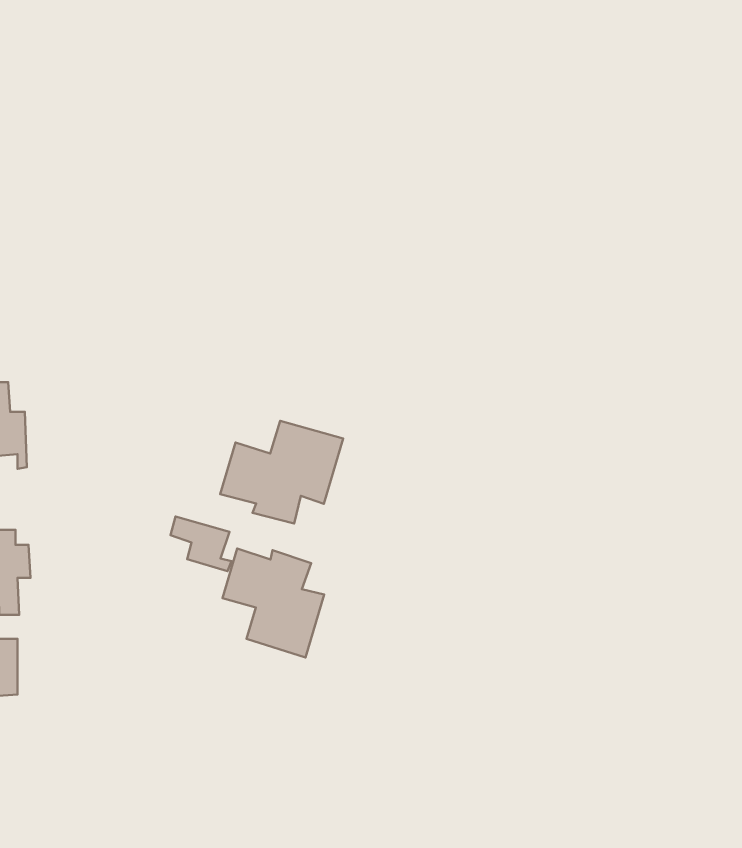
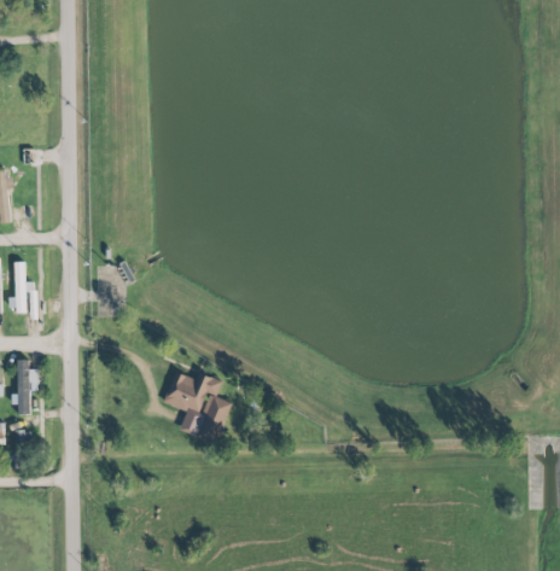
building: [220,421,343,524] -> none
building: [170,517,232,571] -> none

